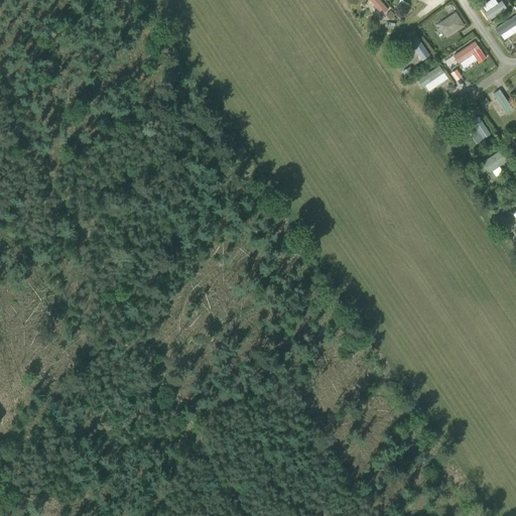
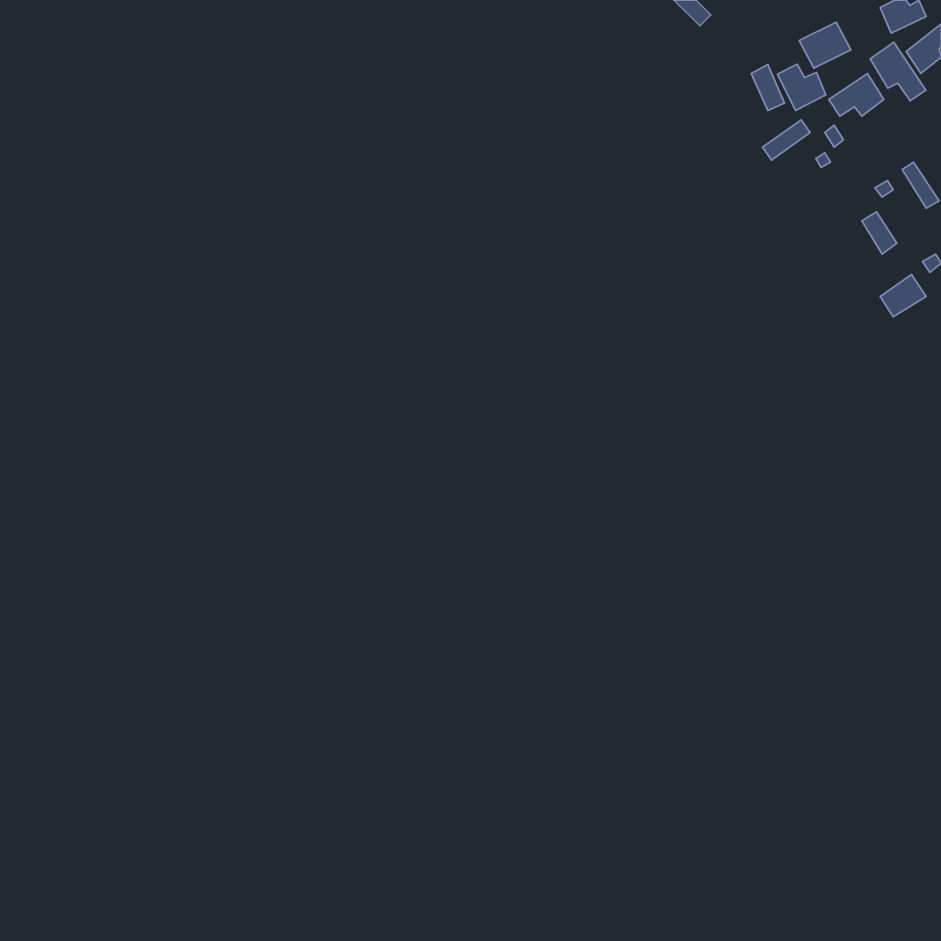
building: none -> [870,42,926,101]
building: none -> [777,64,826,111]

